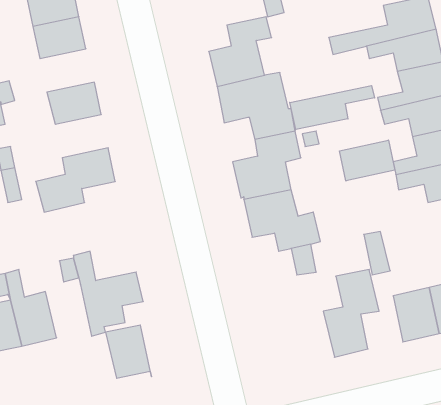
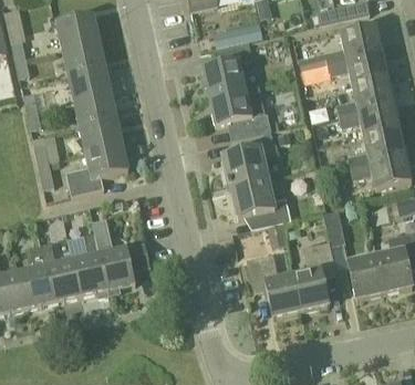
building: none -> [68,66,111,101]
building: [290,86,375,130] -> none
building: none -> [80,118,122,153]
building: [340,140,395,181] -> none
building: none -> [246,253,301,318]
building: [106,325,152,378] -> [72,253,108,295]

